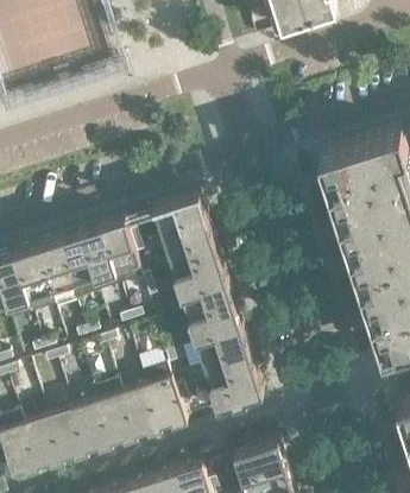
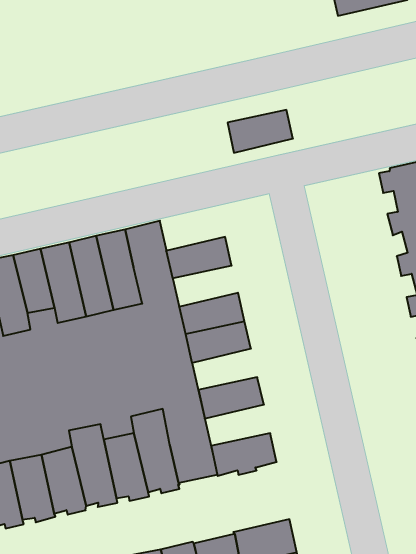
building: [150,198,203,236] -> [228,110,293,153]
building: [164,244,217,280] -> none
building: [185,309,239,346] -> none
building: [200,353,253,390] -> none

